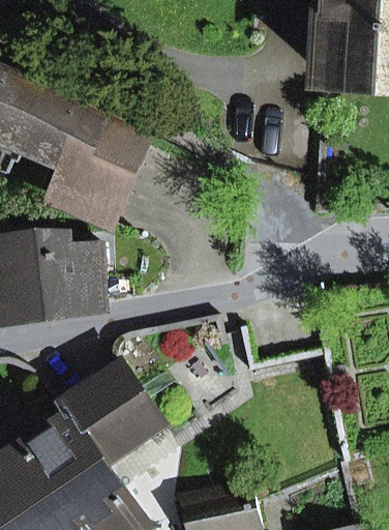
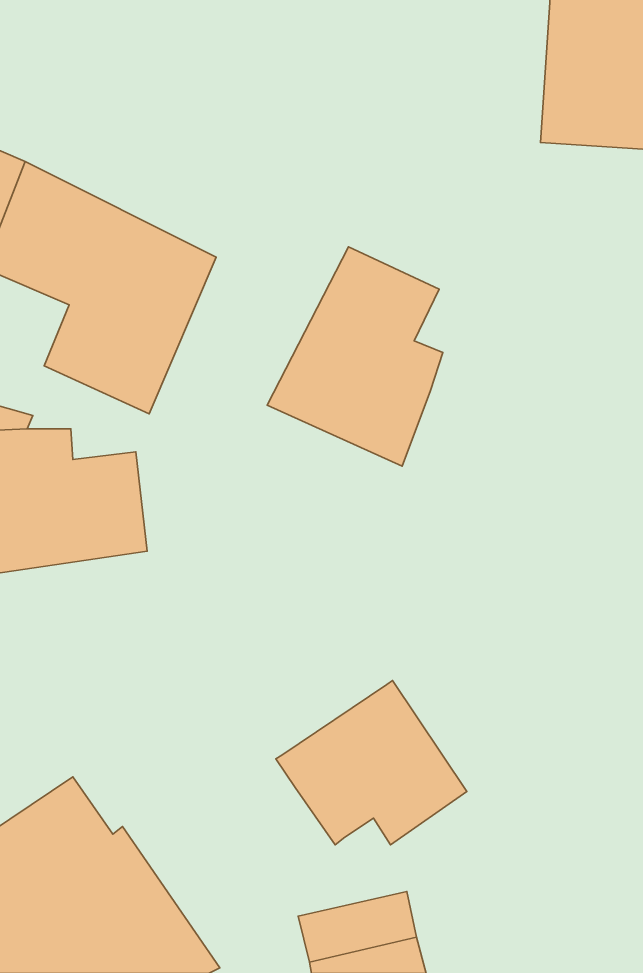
building: none -> [267,247,443,466]
building: [57,364,160,453] -> [276,681,467,845]

